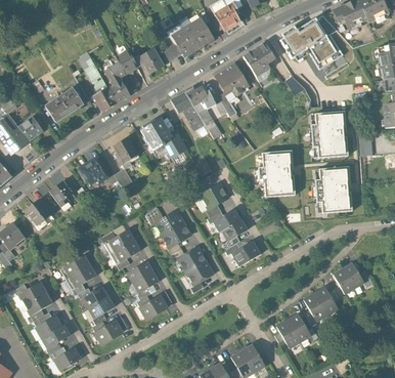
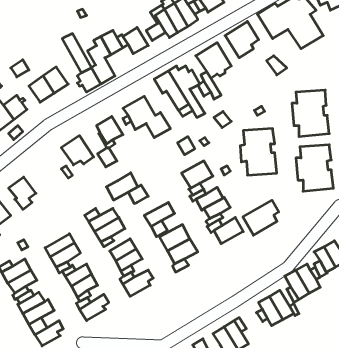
building: [48,180,76,207] -> none
building: [153,209,185,237] -> [106,173,138,200]
building: none -> [243,200,279,235]

